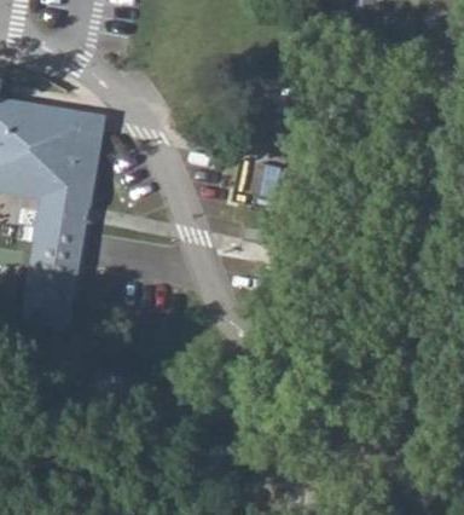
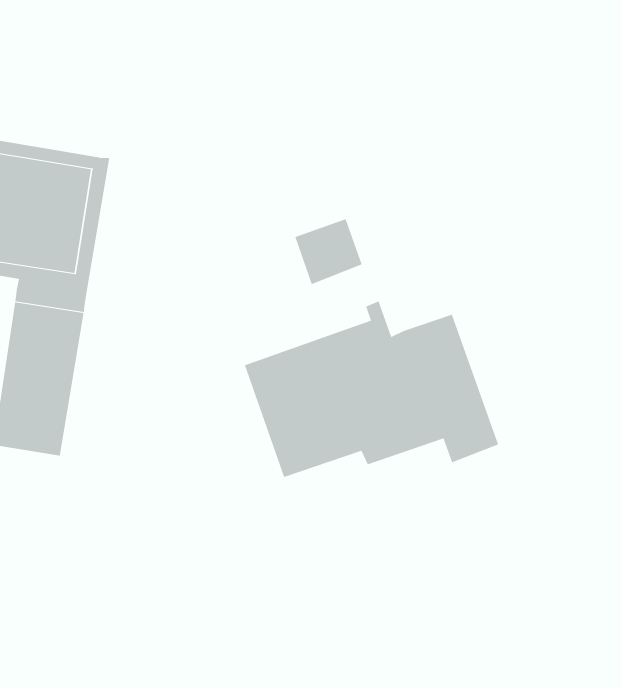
building: none -> [244,300,499,478]

